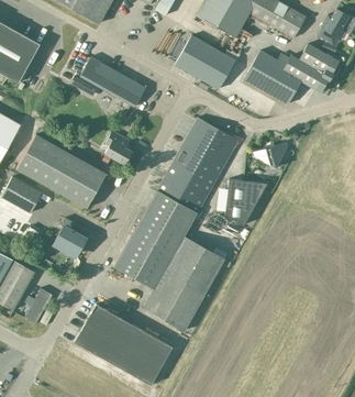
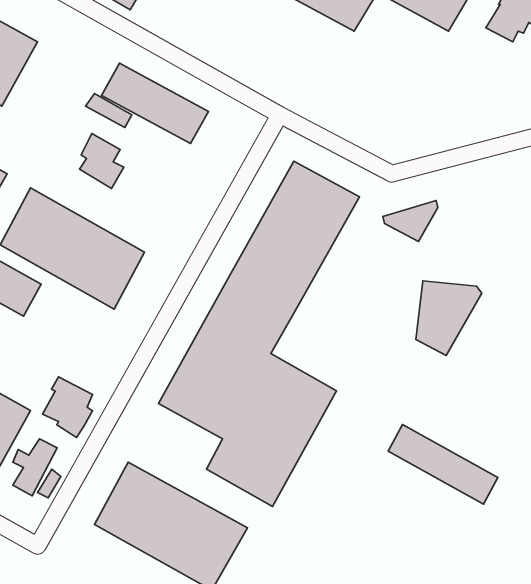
building: [175,35,234,89] -> none
building: [243,44,339,104] -> none
building: [104,131,132,165] -> [79,133,124,189]
building: [224,179,265,225] -> [416,281,482,355]
building: [55,218,86,255] -> [43,377,92,437]
building: none -> [388,424,498,504]

